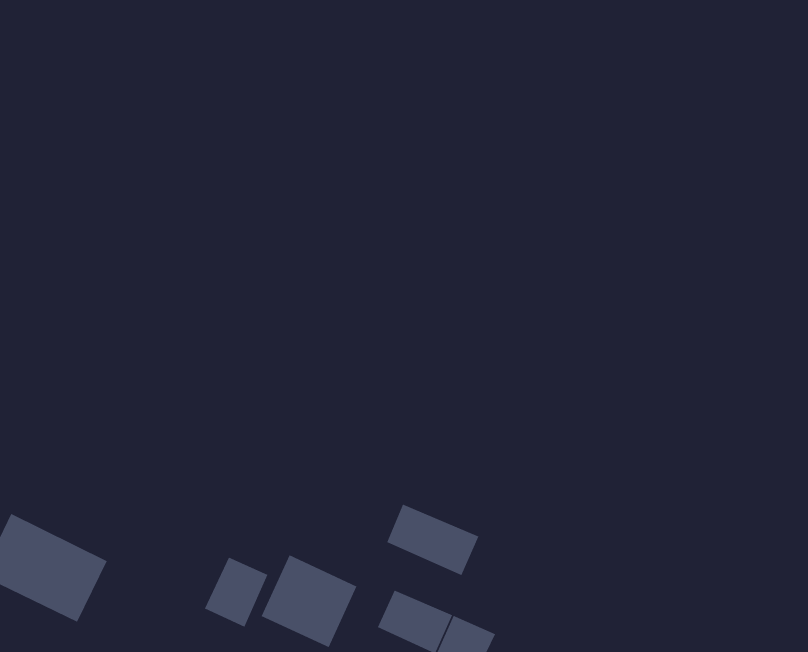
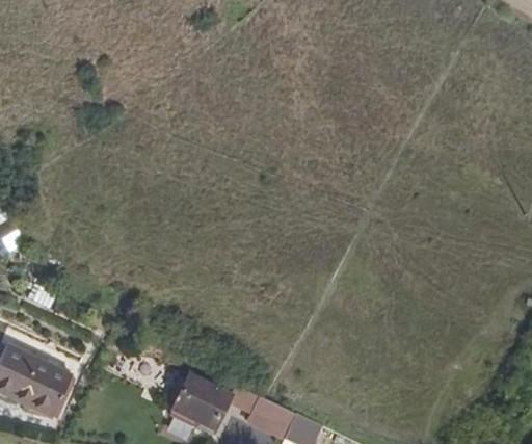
building: [386,503,479,576] -> none
building: [204,557,268,628] -> none

